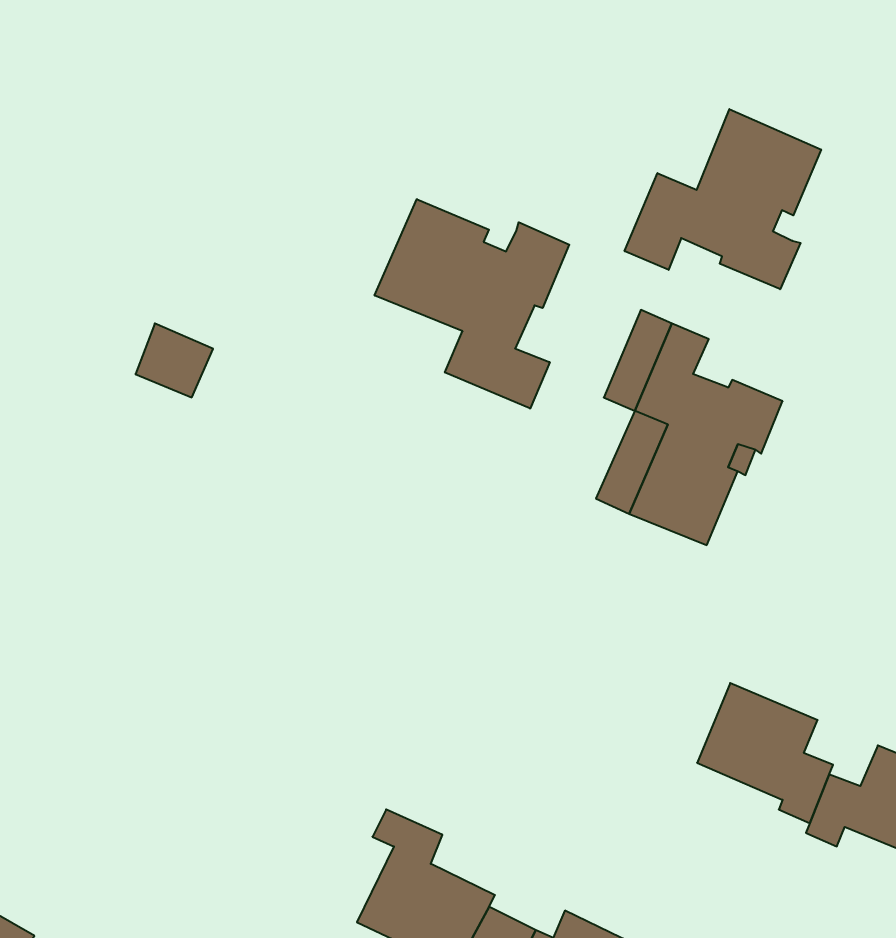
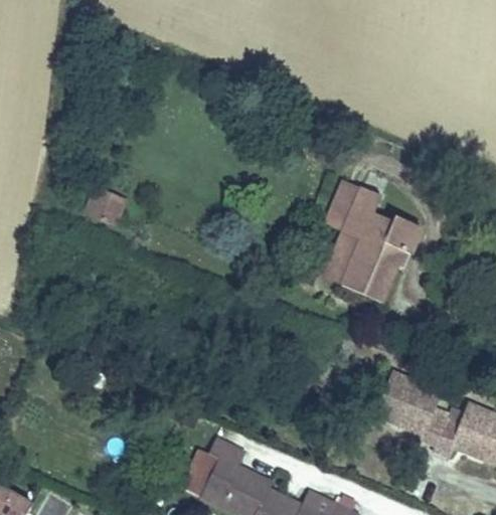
building: [625,109,821,289] -> none
building: [375,199,569,409] -> none
building: none -> [179,448,219,497]

